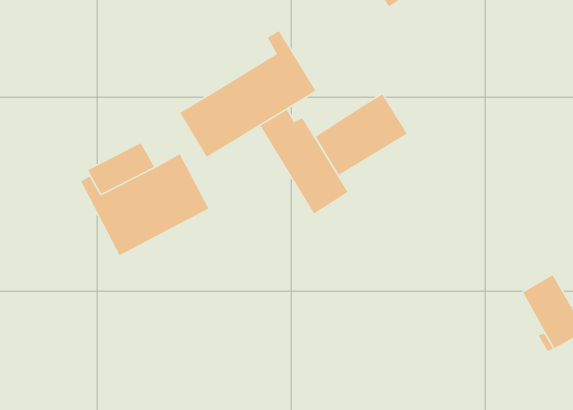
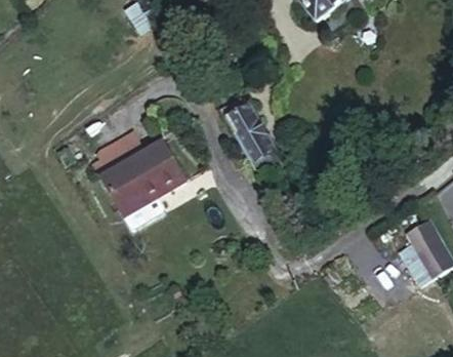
building: [179,30,316,158] -> none
building: [315,94,408,176] -> none

